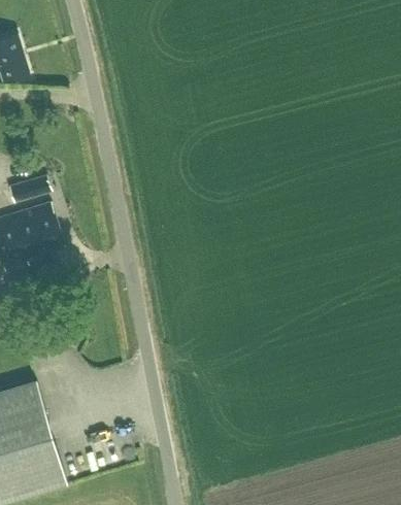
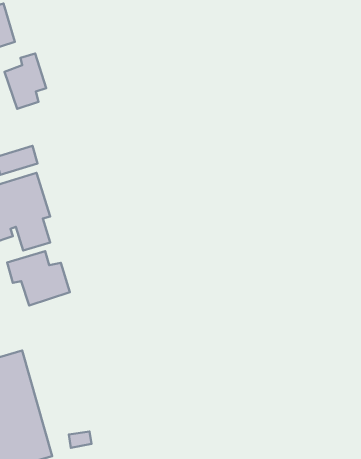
building: none -> [4,54,46,109]
building: none -> [7,251,70,306]

